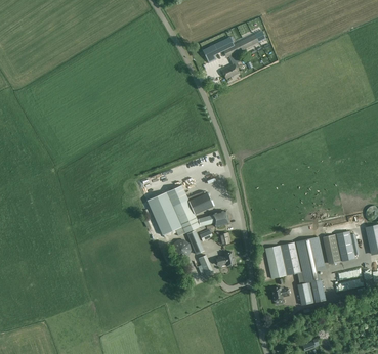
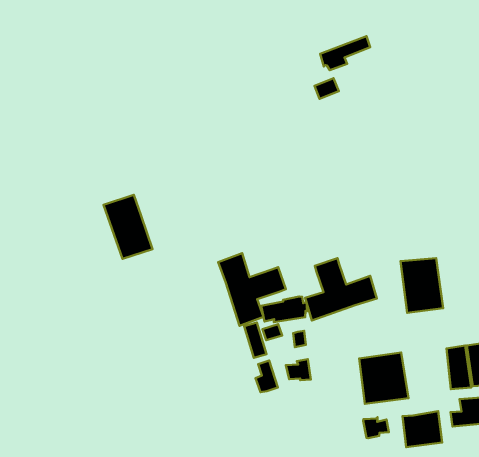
building: none -> [305,258,377,320]
building: [149,191,183,234] -> [103,195,153,259]
building: [296,236,327,274] -> [400,258,443,313]

